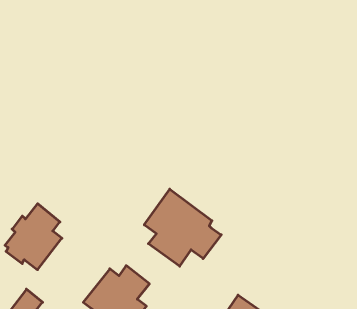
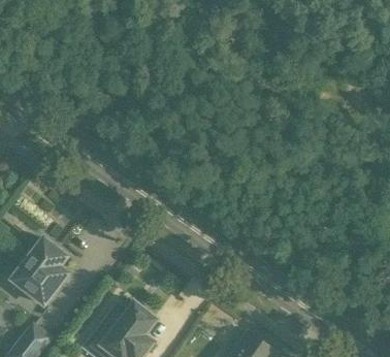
building: [144,189,221,266] -> none

